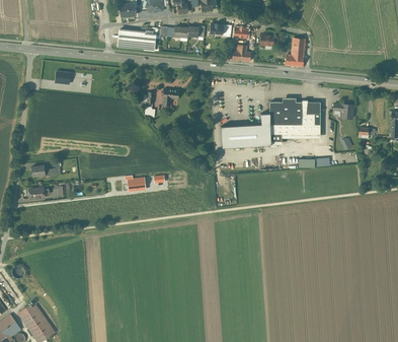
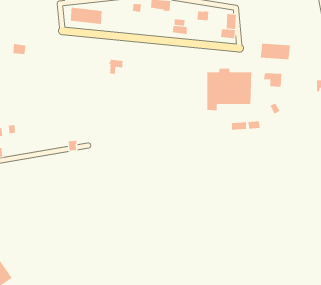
building: none -> [260,43,291,60]
building: [221,113,270,147] -> none

